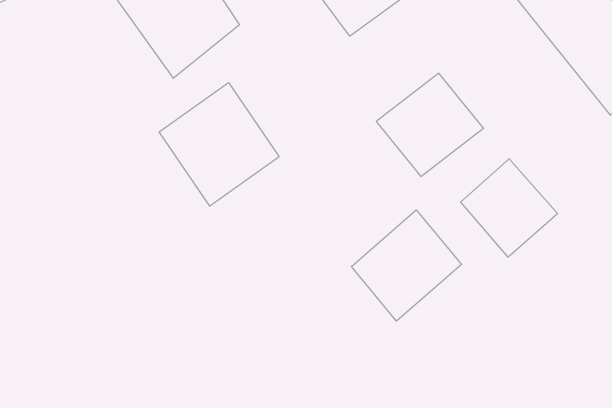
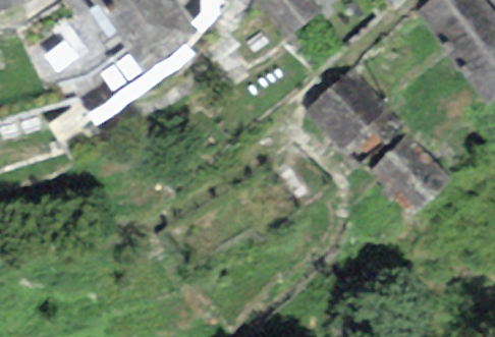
building: [159,83,279,206] -> none
building: [351,210,461,321] -> none

